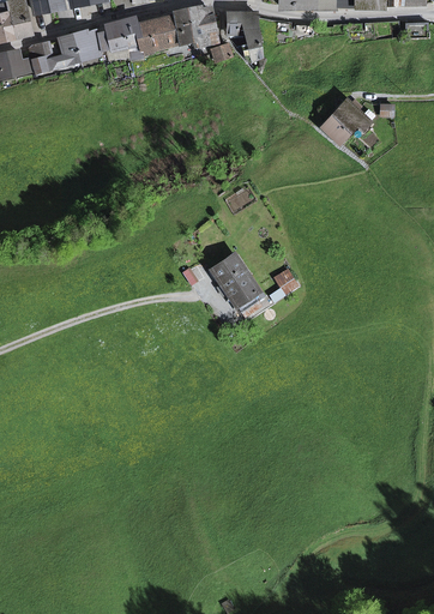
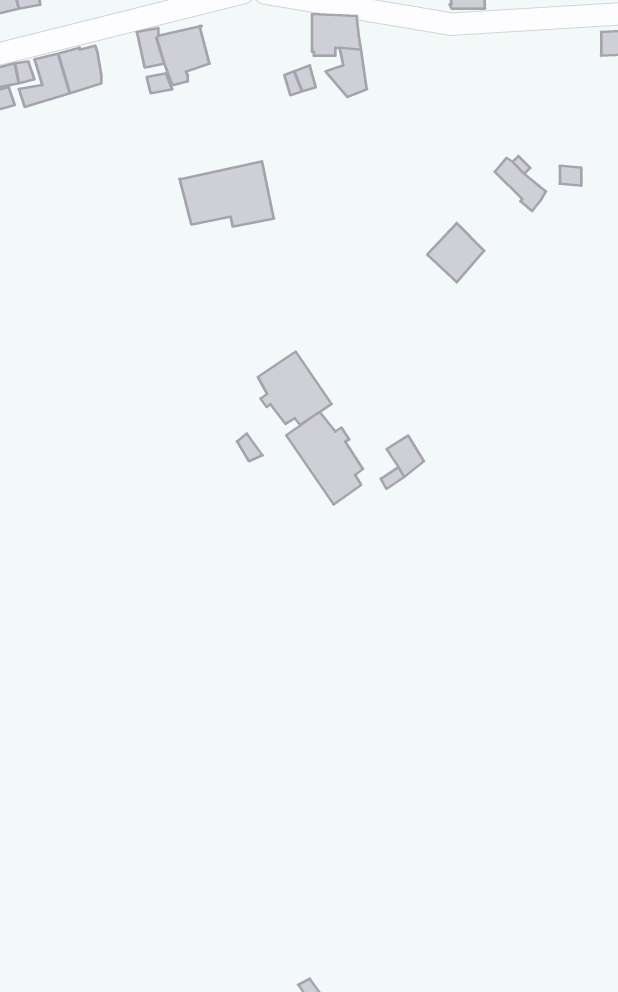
building: [158,7,216,47] -> [179,161,274,226]
building: [96,22,125,48] -> none
building: [320,107,355,143] -> [427,223,484,282]
building: none -> [258,352,332,425]

